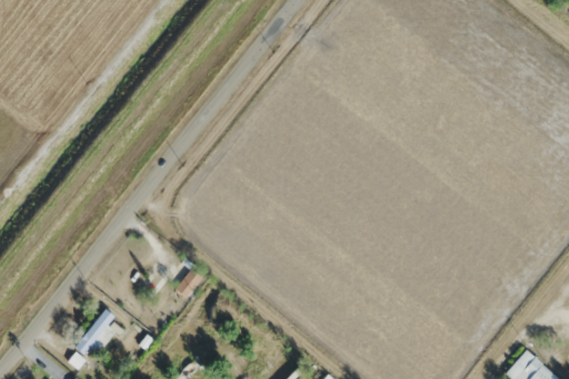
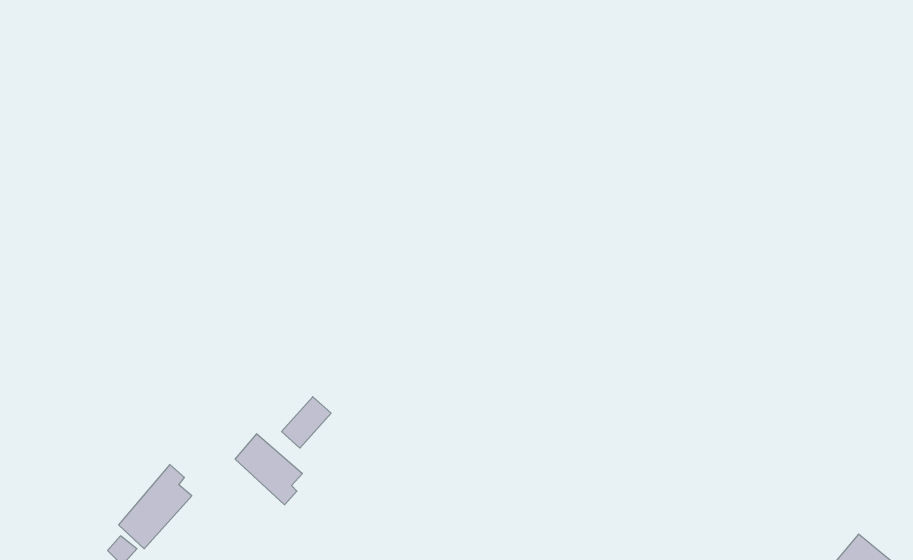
building: none -> [235,434,302,505]

